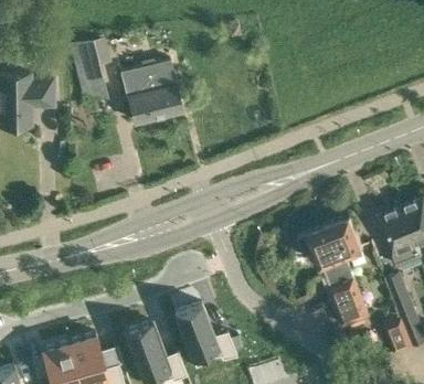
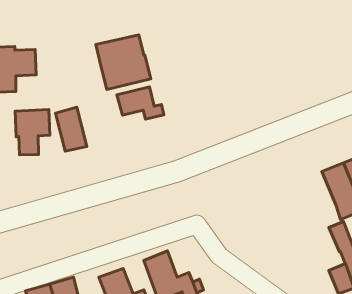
building: [73,53,108,103] -> [55,107,87,151]
building: none -> [117,87,164,119]
building: none -> [15,110,50,155]
building: [298,215,370,326] -> none

